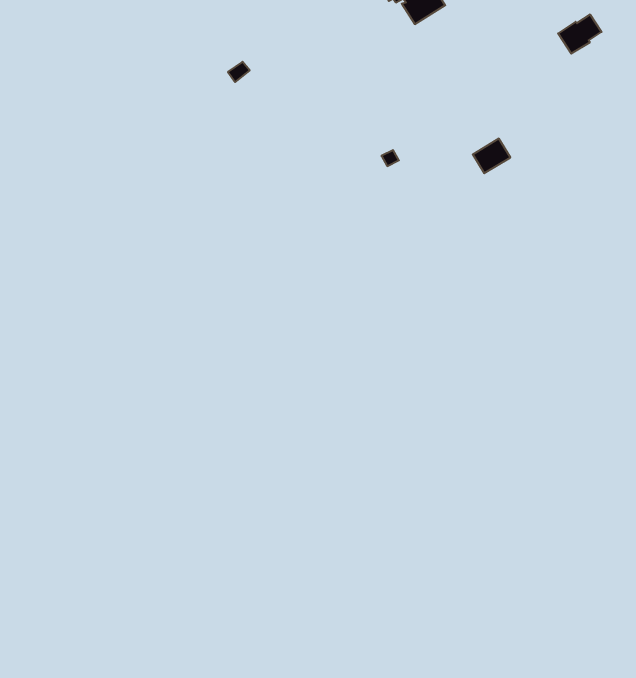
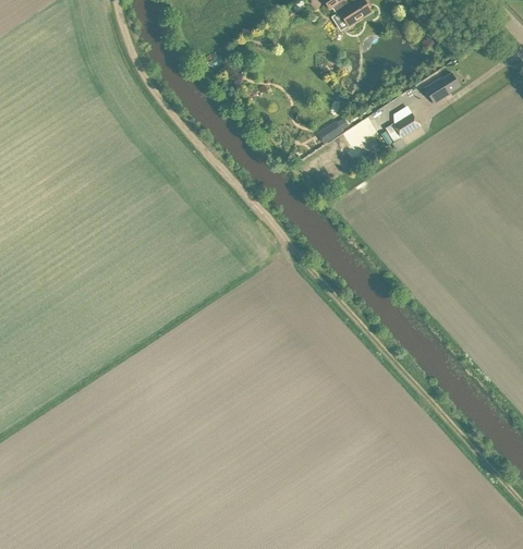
building: [558,15,602,54] -> [424,72,457,101]

